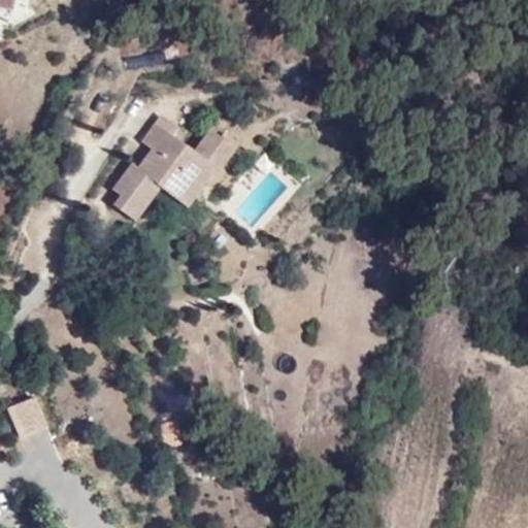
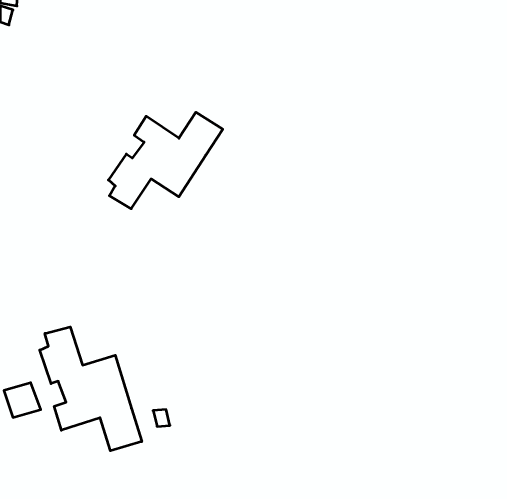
building: none -> [40,327,142,451]

